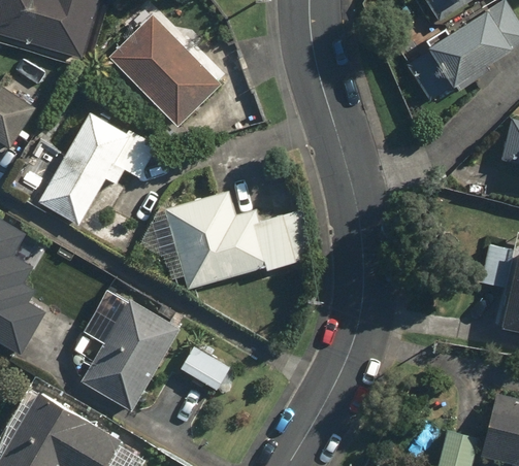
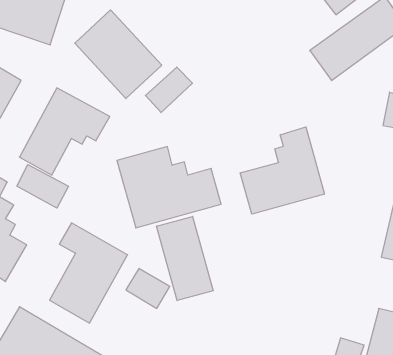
building: none -> [145,67,192,113]
building: none -> [240,127,324,214]
building: none -> [17,165,69,208]
building: none -> [157,216,213,301]

